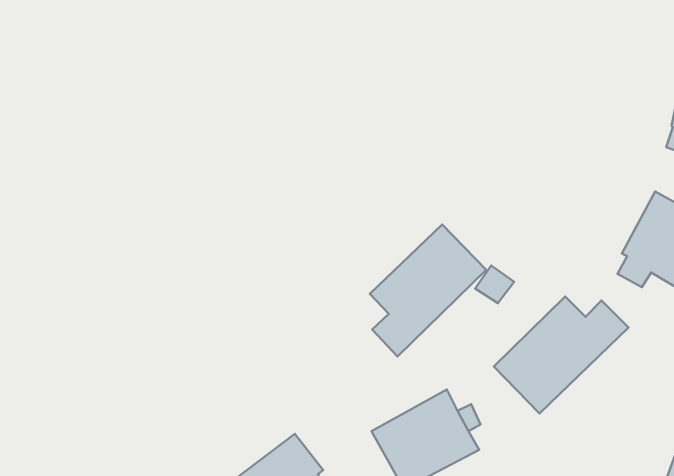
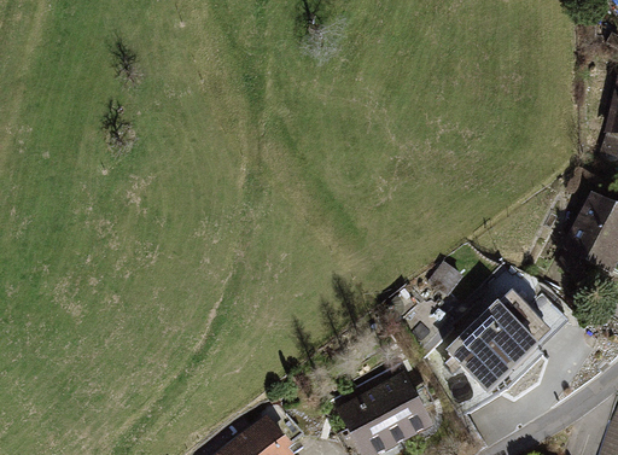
building: [370,224,486,356] -> none

